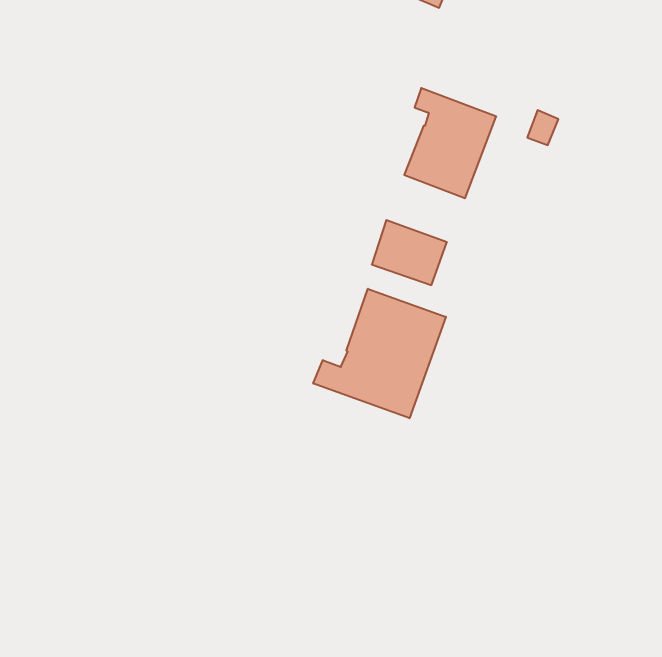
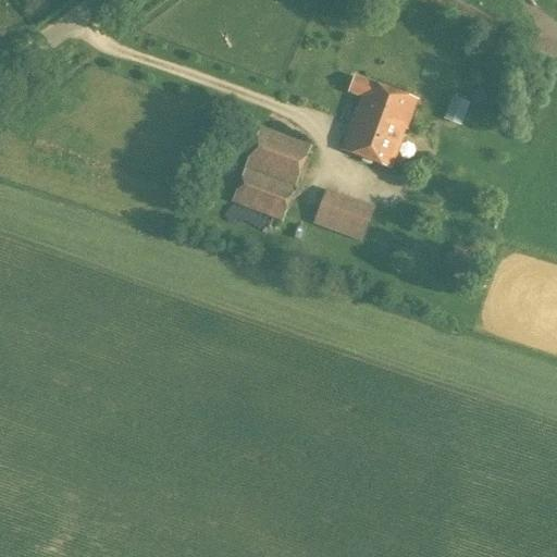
building: none -> [233,124,310,219]
building: [313,289,446,418] -> none

